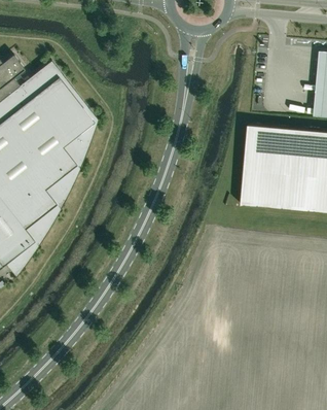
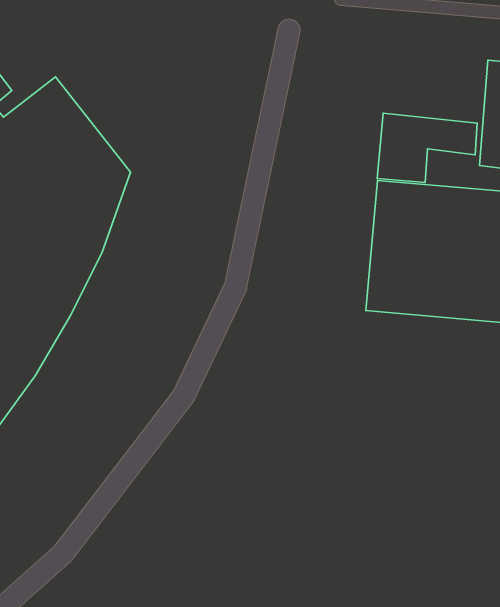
building: none -> [377,113,477,183]

